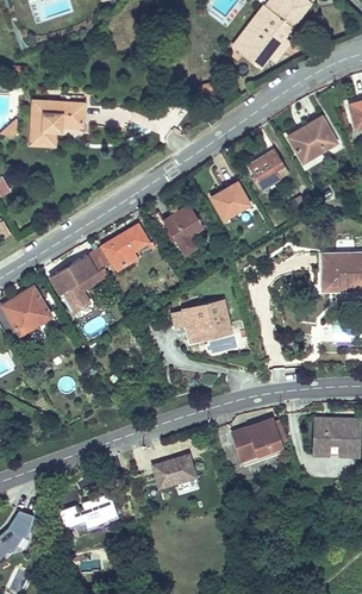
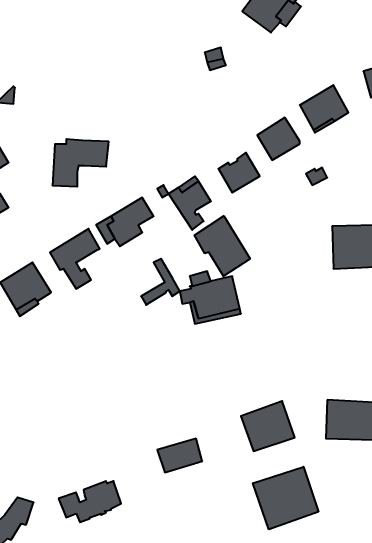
building: [31,101,85,146] -> [52,139,109,187]
building: none -> [194,216,250,276]
building: [75,251,112,295] -> [141,259,180,305]
building: none -> [253,467,318,529]

